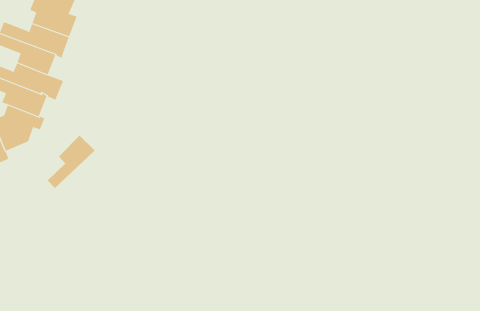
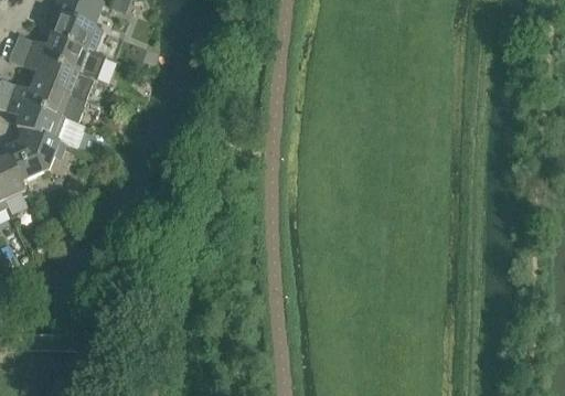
building: [47,135,95,189] -> none

